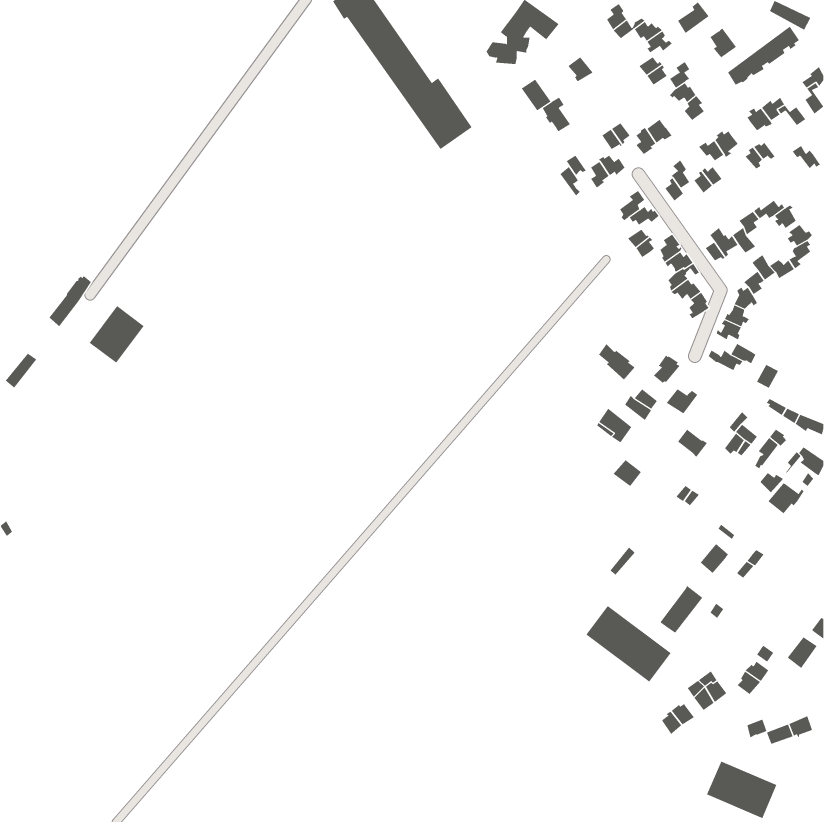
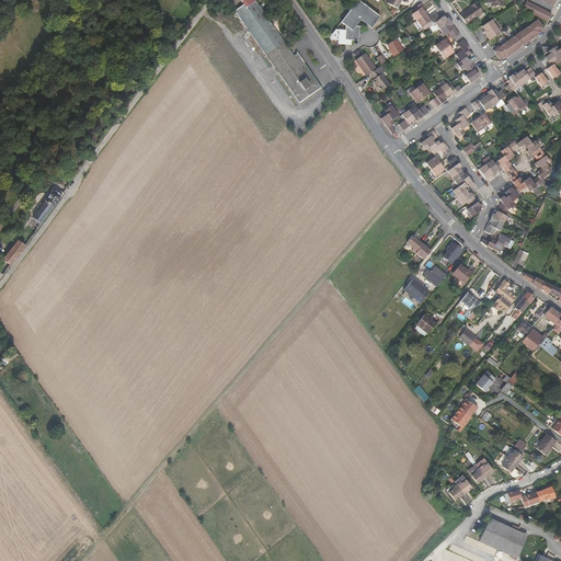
building: [89,305,145,364] -> none
building: [585,605,671,683] -> none

